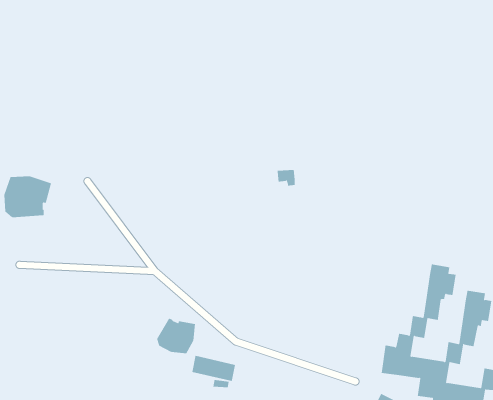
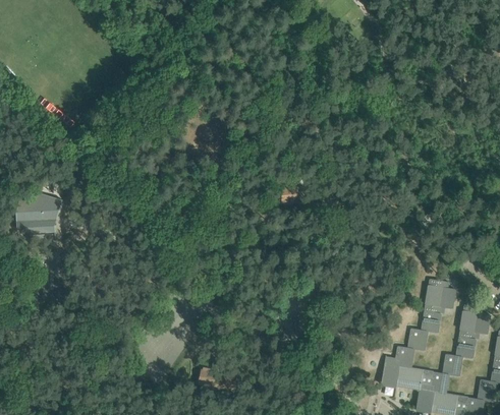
building: [156,317,196,354] -> none

